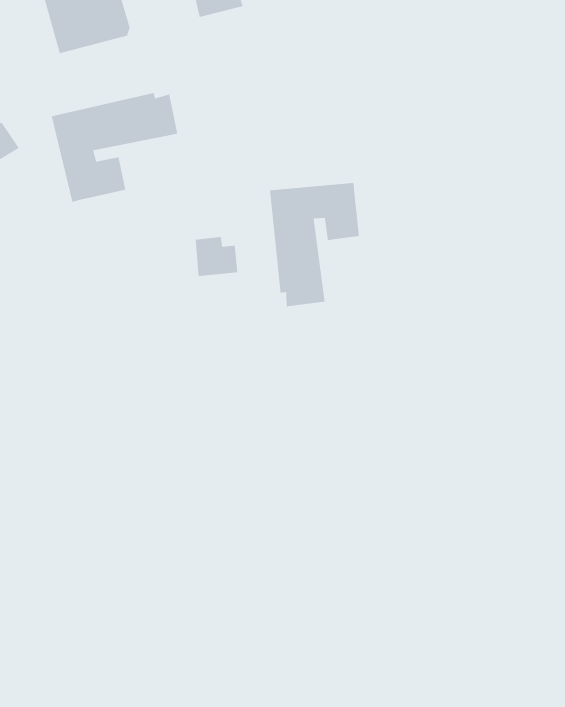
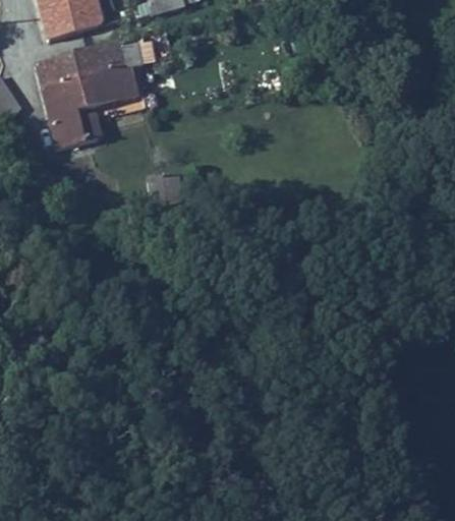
building: none -> [37,40,155,84]
building: [269,182,360,307] -> none

